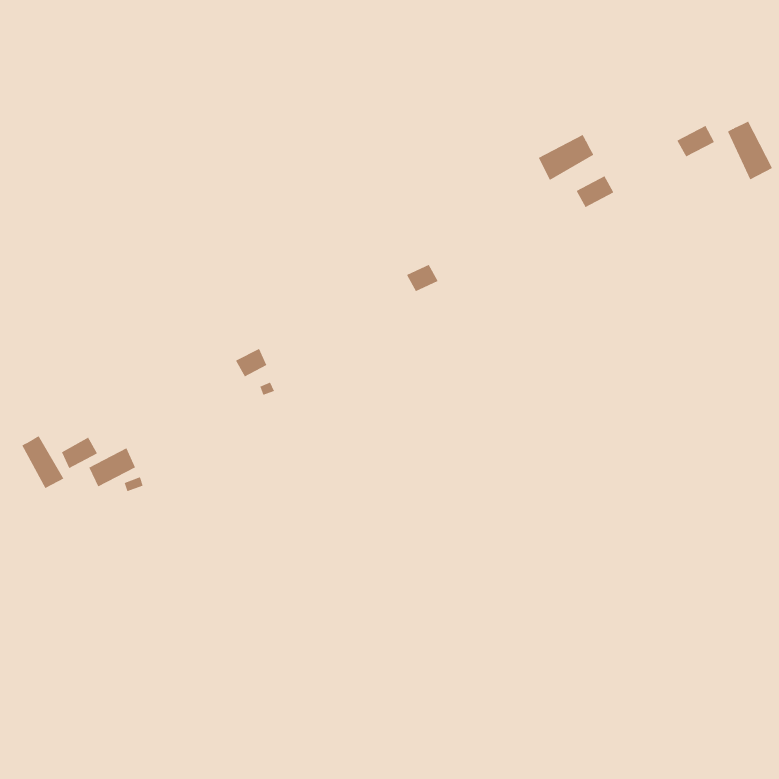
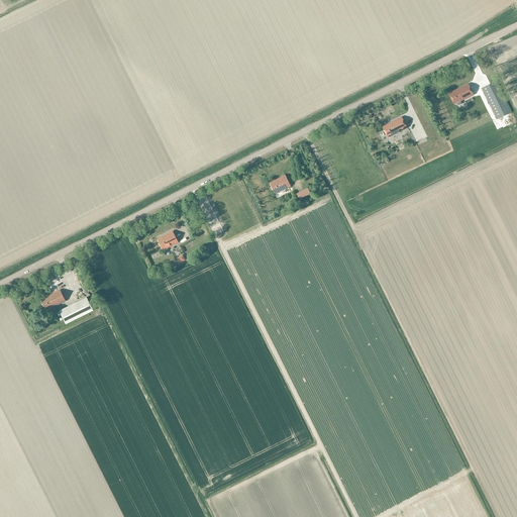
building: [538,134,594,181] -> none
building: [22,435,64,489] -> none

